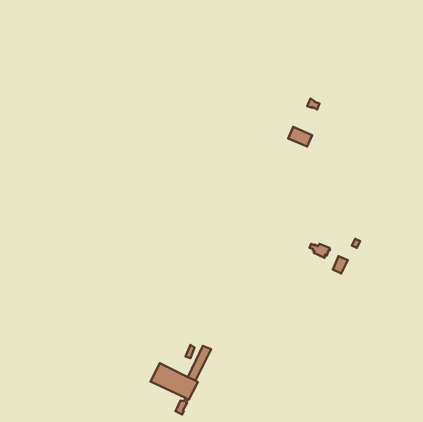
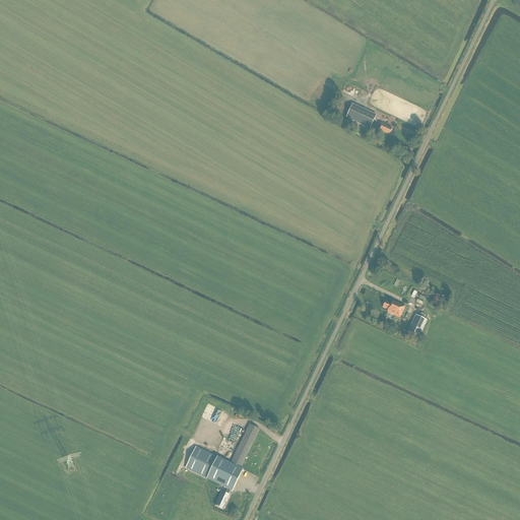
building: [288,127,312,147] -> [345,104,375,128]

